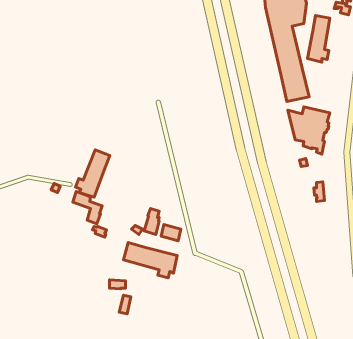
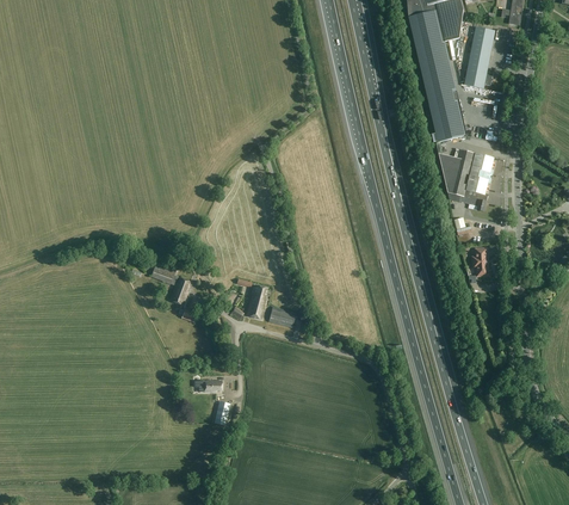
building: [76,150,110,197] -> none
building: [124,243,177,278] -> none

